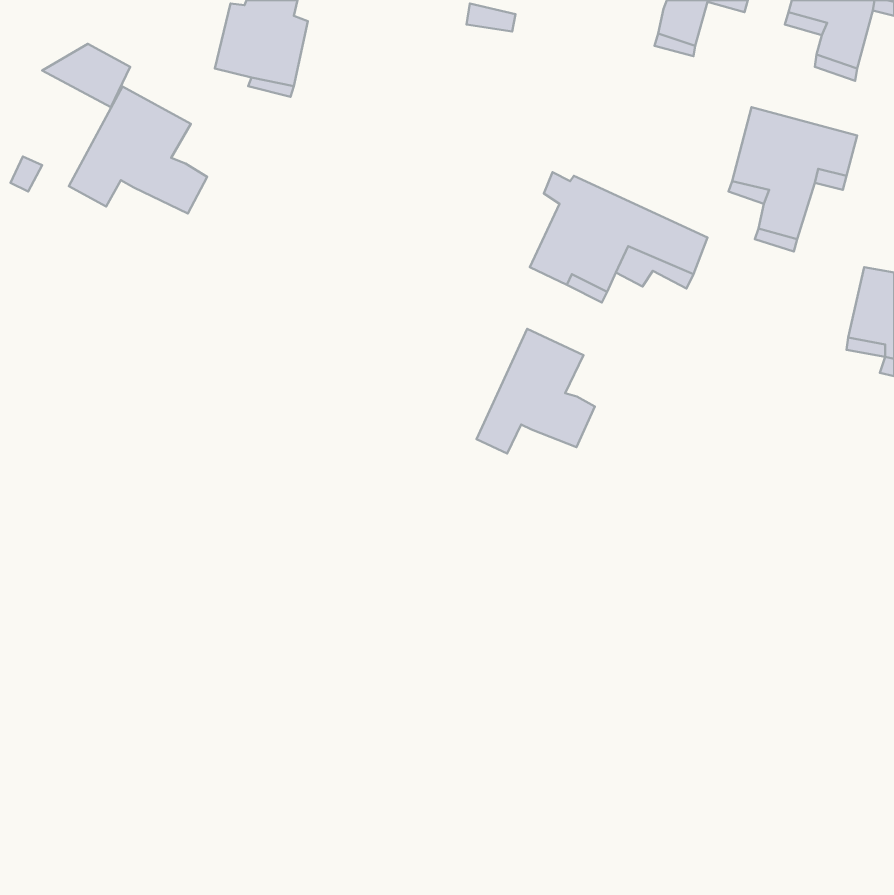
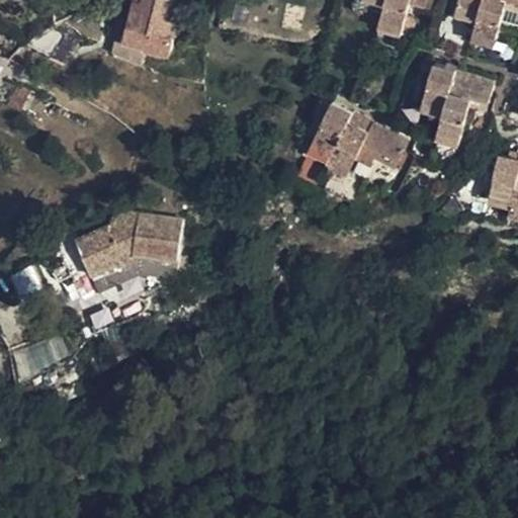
building: [69,87,207,214] -> none
building: [476,329,595,453] -> none
building: none -> [77,212,187,288]

